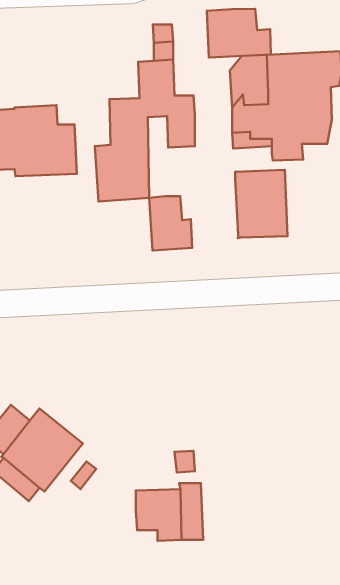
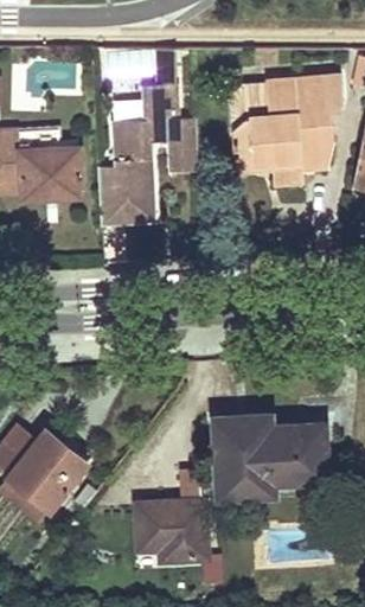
building: [207,9,271,58] -> none
building: [235,170,288,238] -> none
building: [149,196,192,251] -> none
building: none -> [216,417,322,494]

